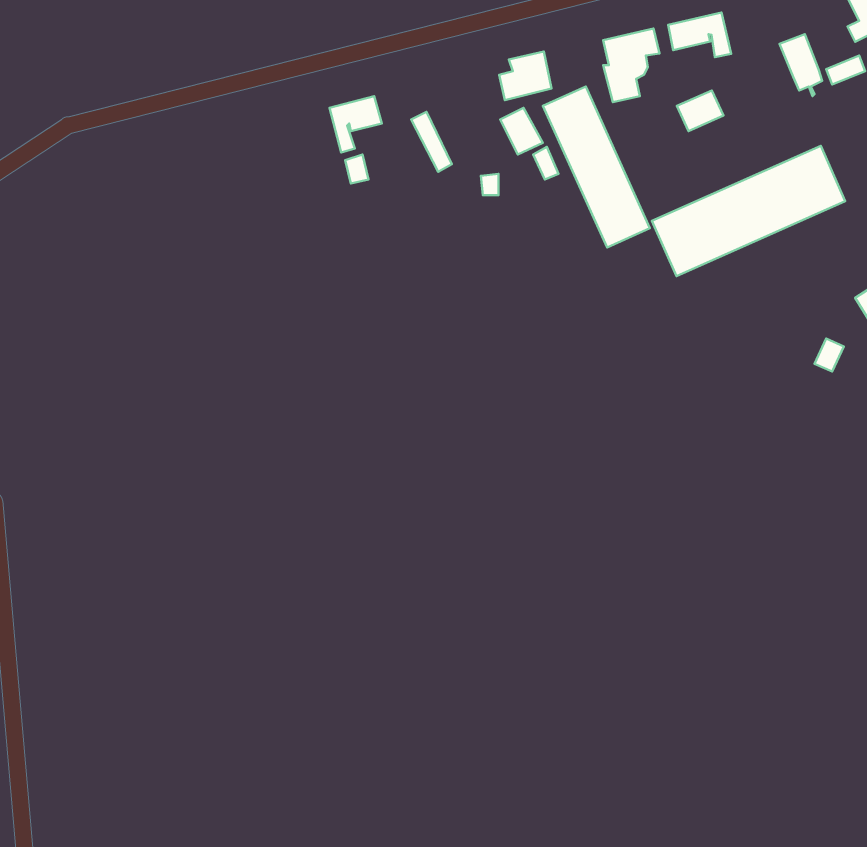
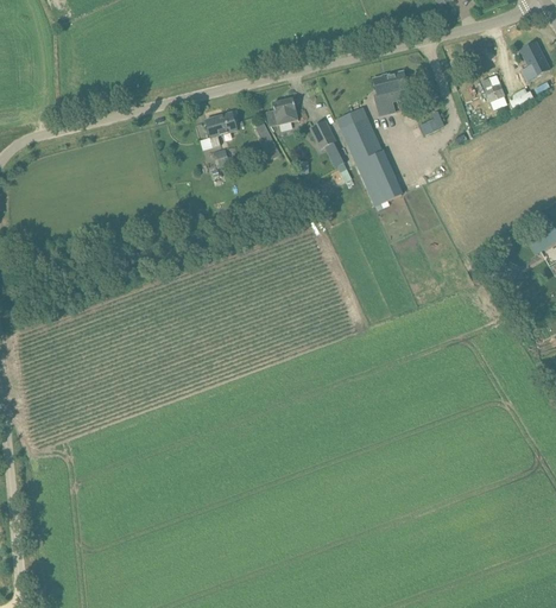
building: [668,12,731,57] -> none
building: [499,52,552,100] -> [266,97,298,127]
building: [652,146,845,276] -> none

